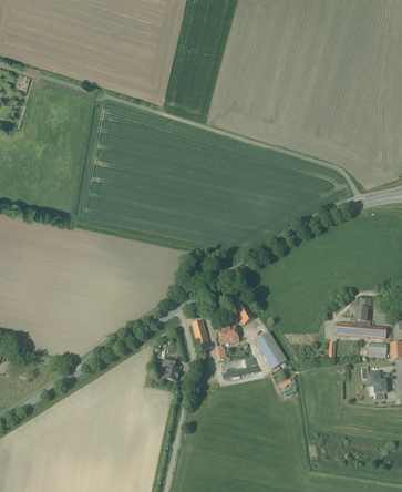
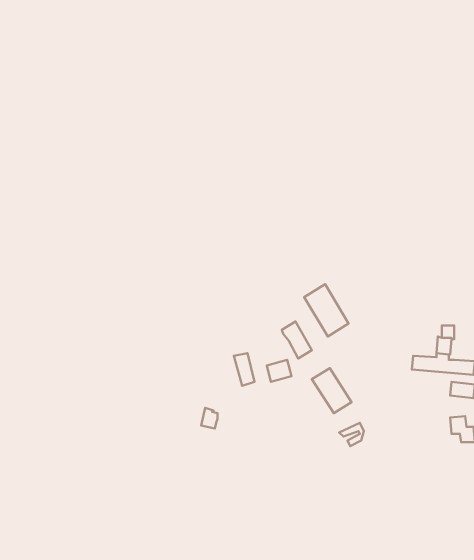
building: none -> [304,284,349,336]

